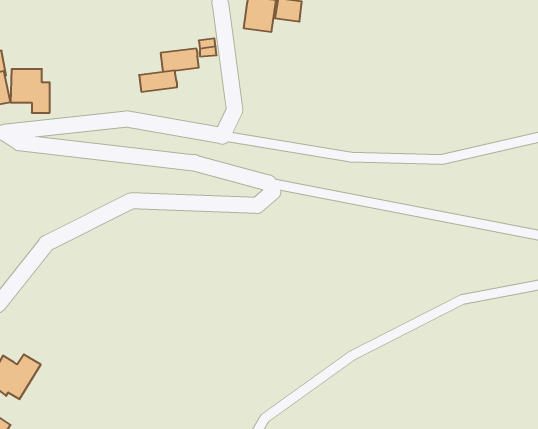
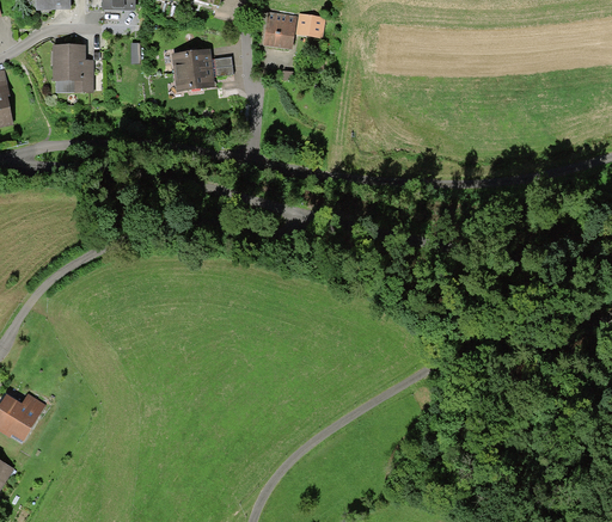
building: [11,69,50,113] -> [51,45,93,92]
building: [139,71,177,92] -> [171,49,212,72]

